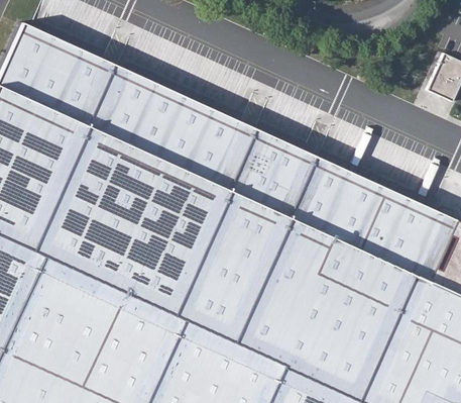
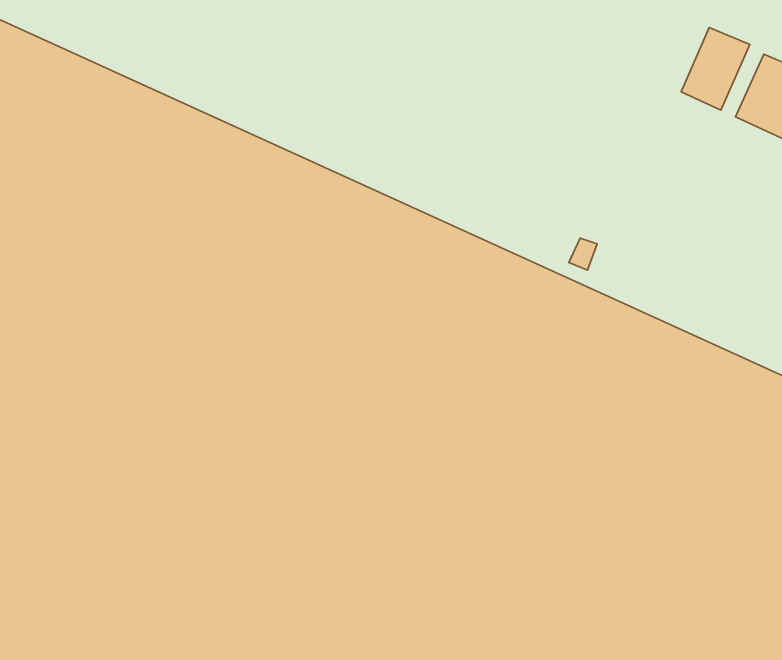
building: none -> [681,28,750,110]

